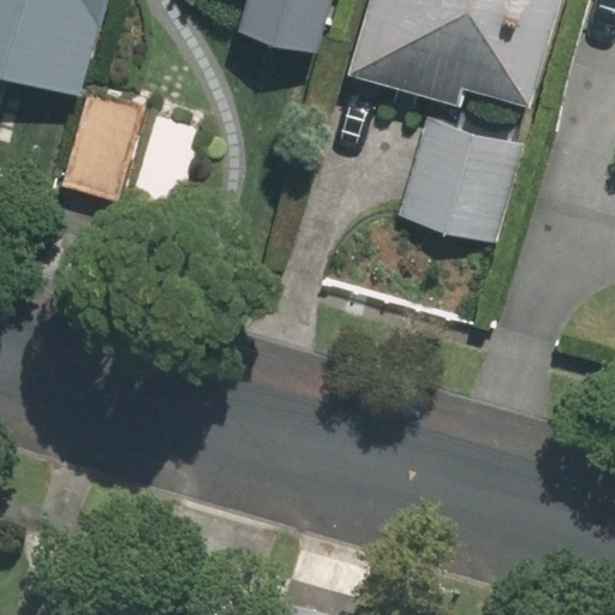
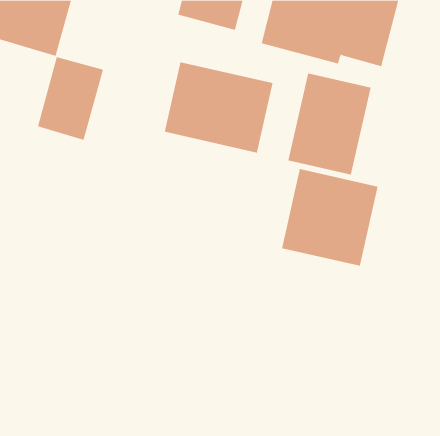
building: none -> [164,61,273,153]
building: none -> [281,168,378,267]

